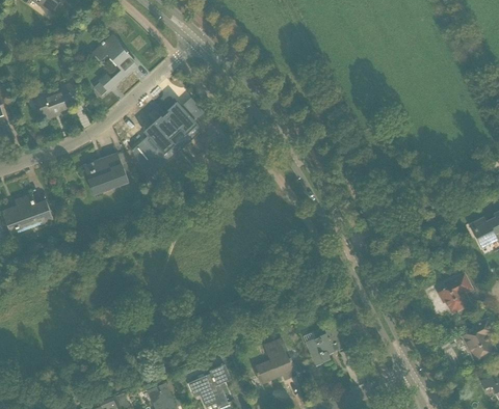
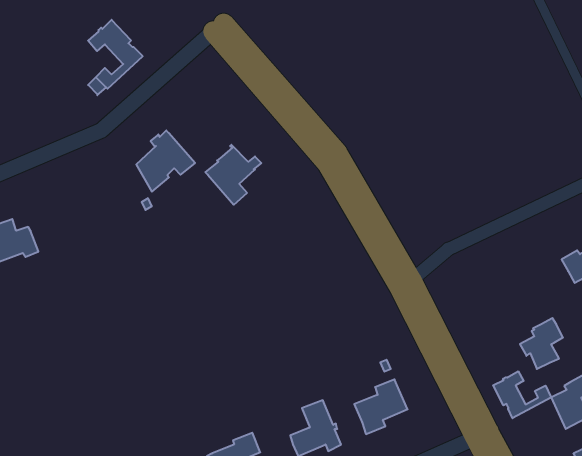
building: [34,86,78,121] -> none
building: [155,102,200,149] -> [205,145,261,205]
building: [84,154,129,196] -> none
building: none -> [493,371,551,418]

